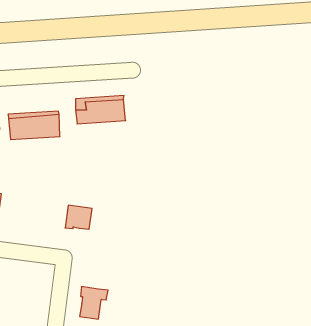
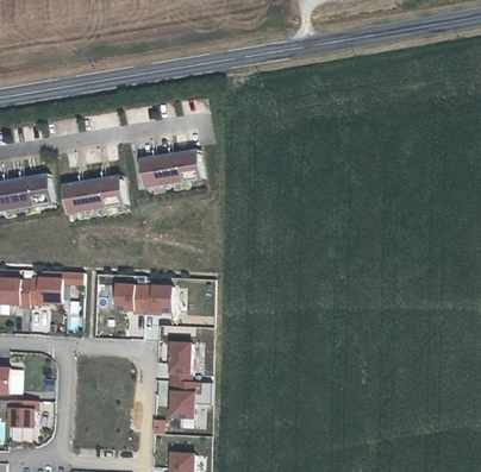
building: none -> [113,284,142,313]
building: none -> [167,342,189,382]

